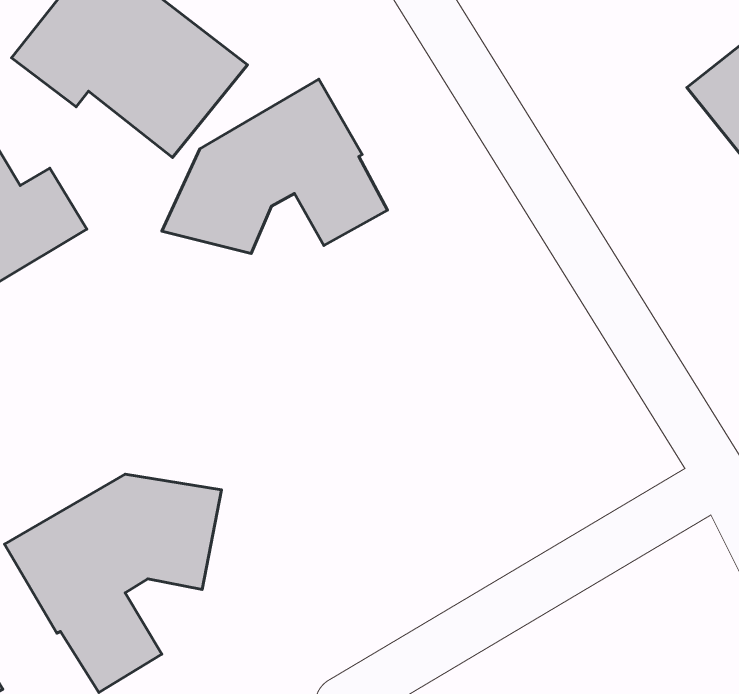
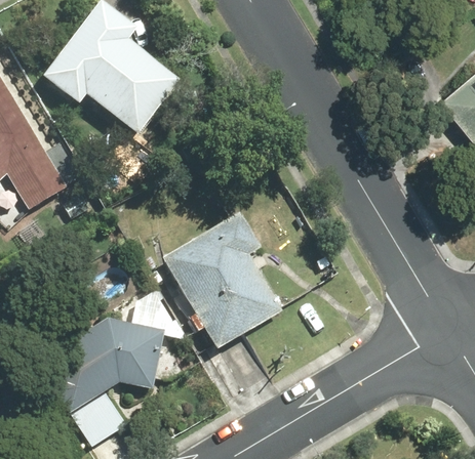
building: [162,79,388,253] -> none
building: none -> [160,210,281,348]

